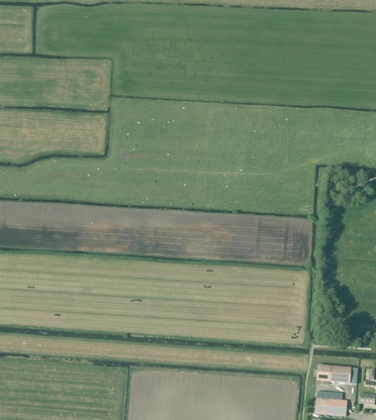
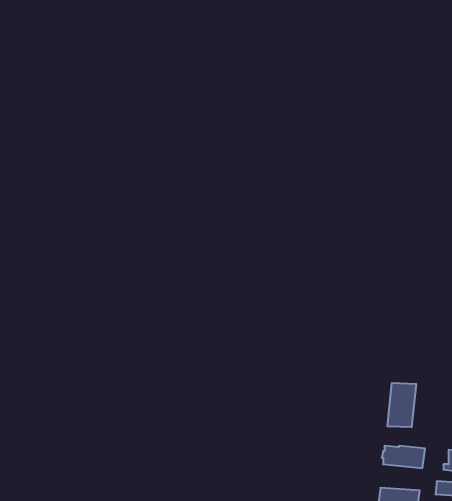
building: none -> [388,383,416,427]

